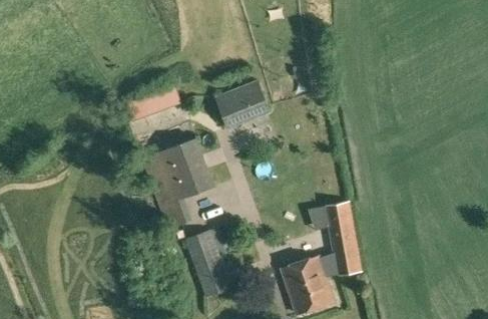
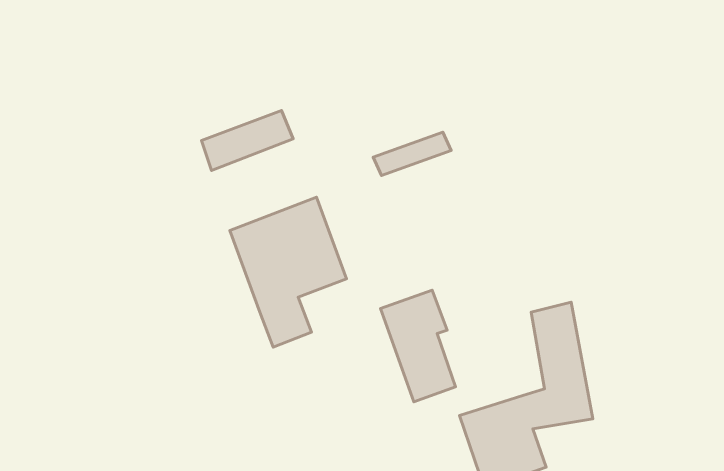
building: [223,79,262,111] -> none
building: [185,229,230,296] -> [381,290,456,402]

